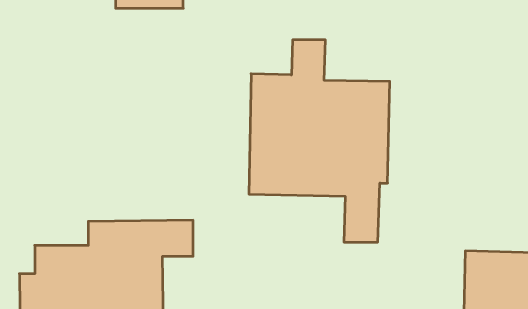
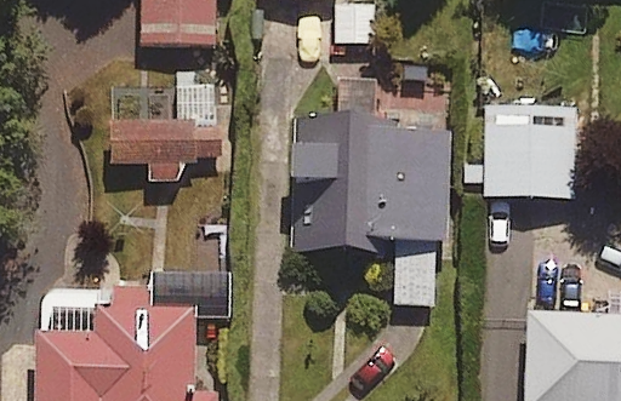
building: none -> [484,108,572,194]
building: none -> [104,116,222,178]

